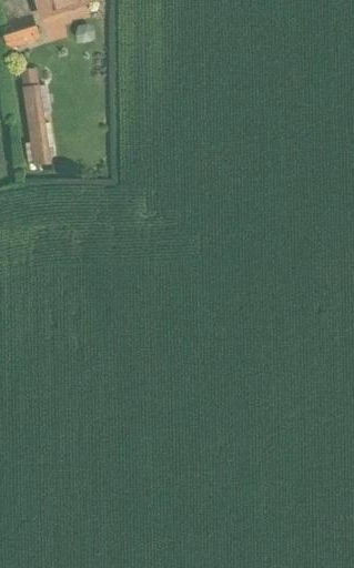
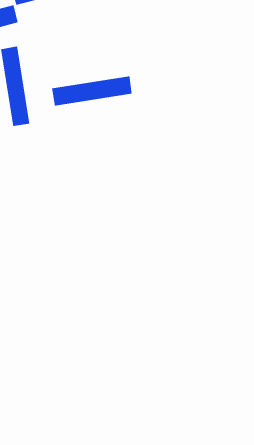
building: none -> [51,75,132,107]

